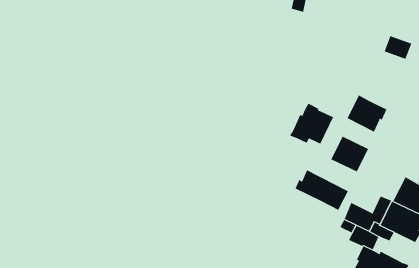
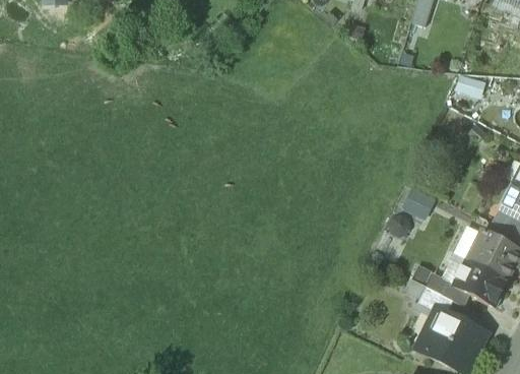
building: [347,95,387,133] -> none
building: [289,103,334,145] -> none
building: [295,169,349,211] -> none

